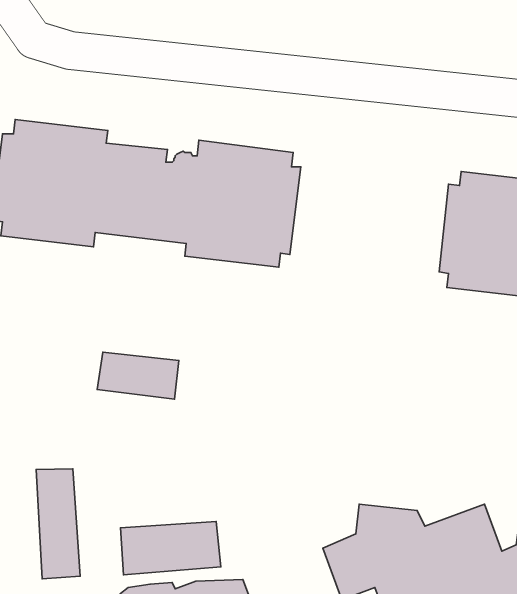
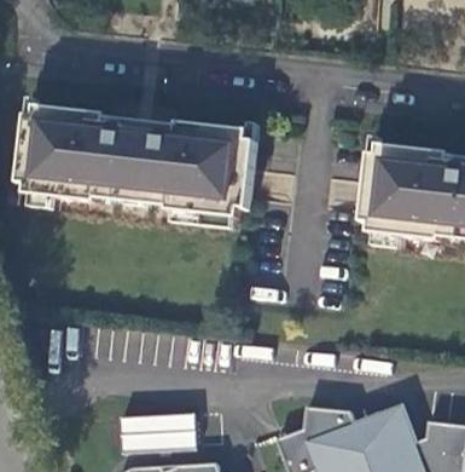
building: [97,352,179,399] -> none
building: [36,469,80,579] -> none

